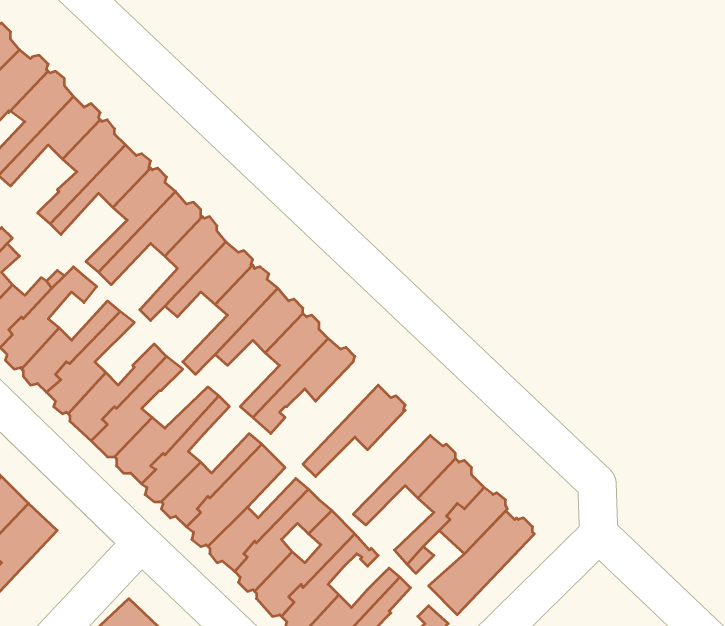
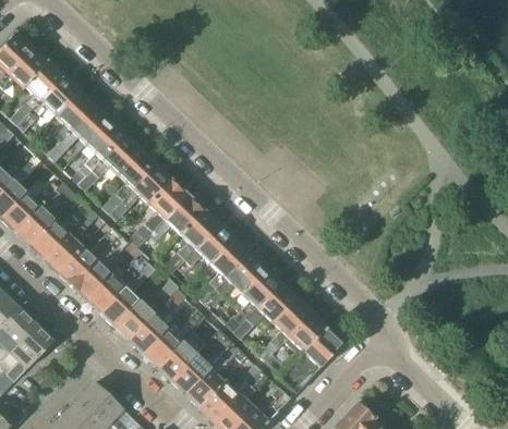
building: none -> [195,238,247,301]
building: none -> [227,268,279,331]

